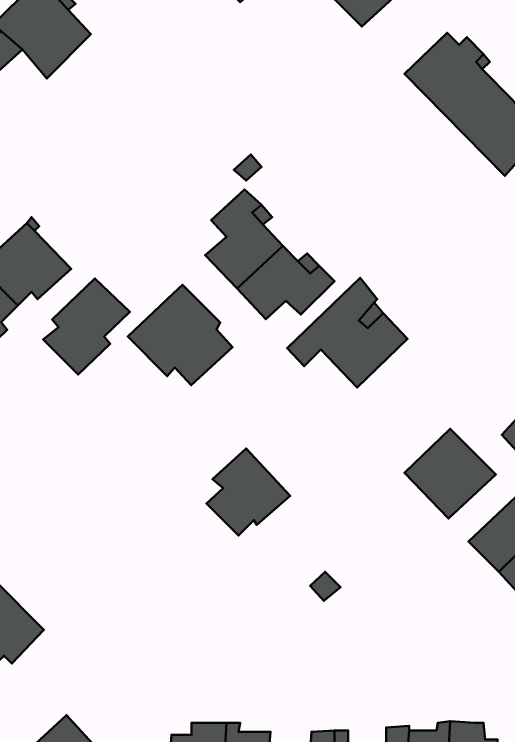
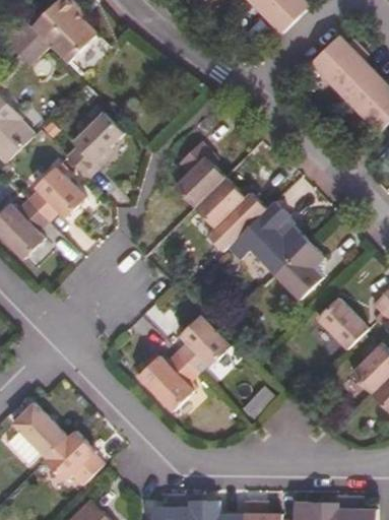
building: [43,278,130,374] -> [65,114,123,178]
building: [128,285,233,385] -> none
building: none -> [276,242,327,301]
building: none -> [137,351,197,411]
building: none -> [43,429,101,484]

